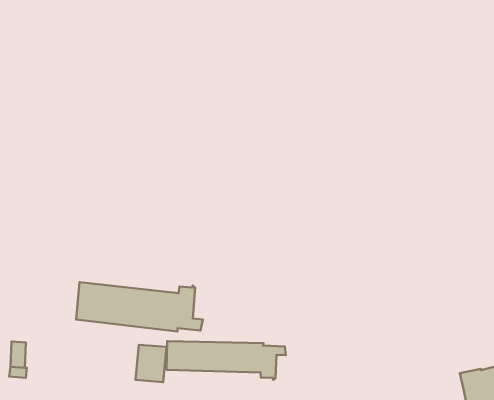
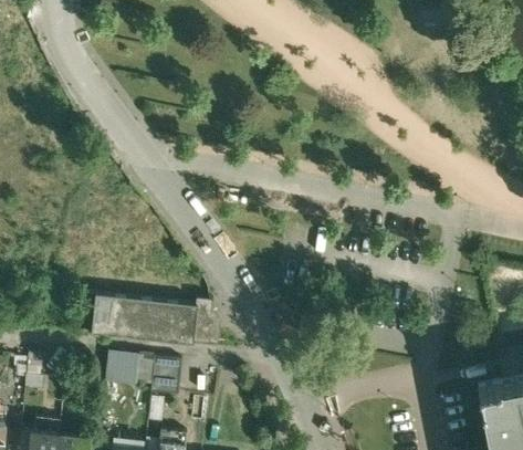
building: none -> [104,353,136,385]
building: [166,341,286,380] -> none

